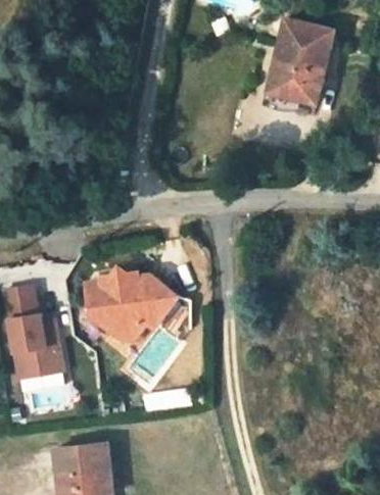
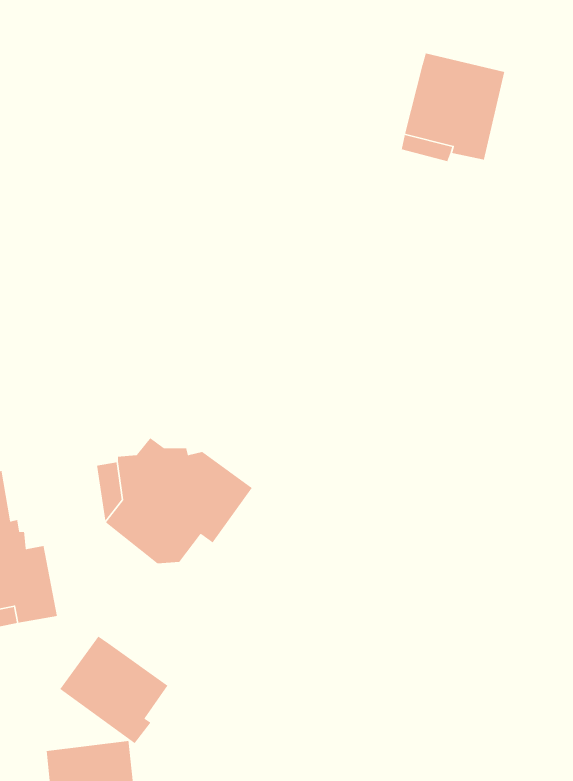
building: [278,19,330,52] -> none
building: none -> [59,636,169,744]

